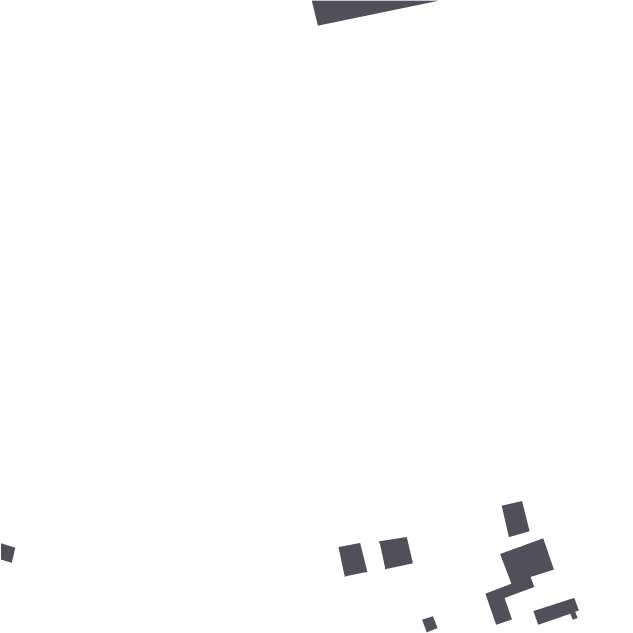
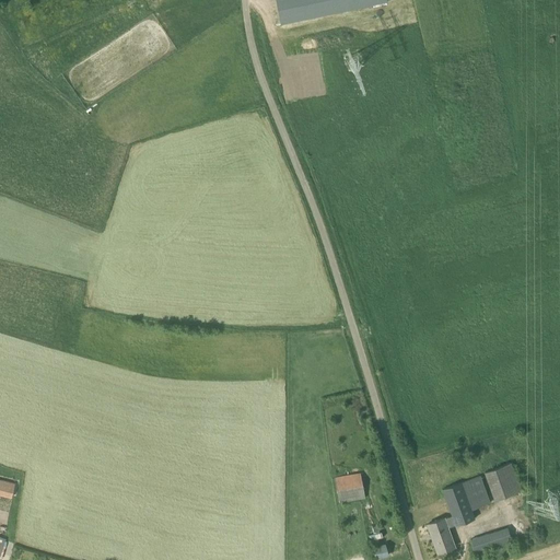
building: [501,501,530,538] -> [491,462,517,494]
building: [338,542,368,578] -> none

